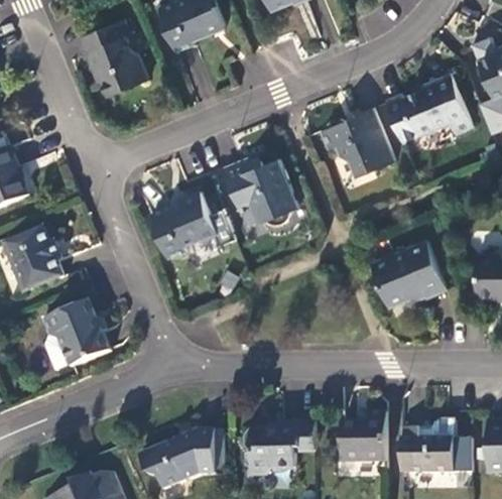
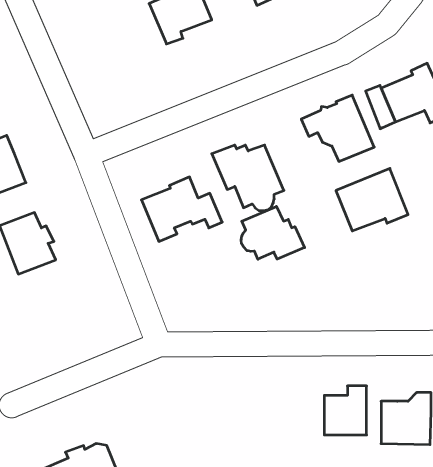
building: [78,20,147,98] -> none
building: none -> [241,206,305,259]
building: [372,243,448,308] -> [336,168,408,231]
building: [42,301,111,369] -> none
building: [245,421,301,476] -> none
building: [138,429,217,489] -> none

